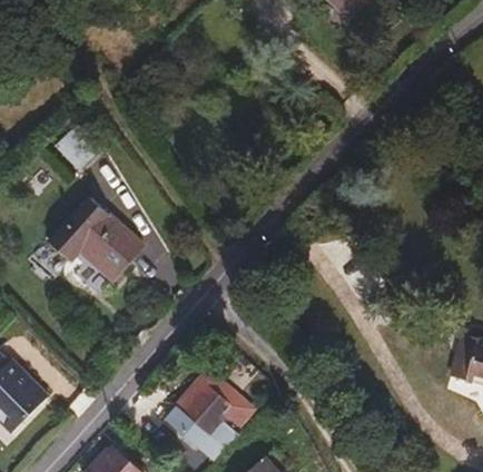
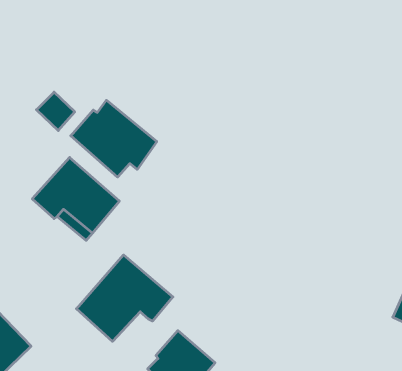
building: none -> [71,100,157,177]
building: none -> [76,255,173,341]

